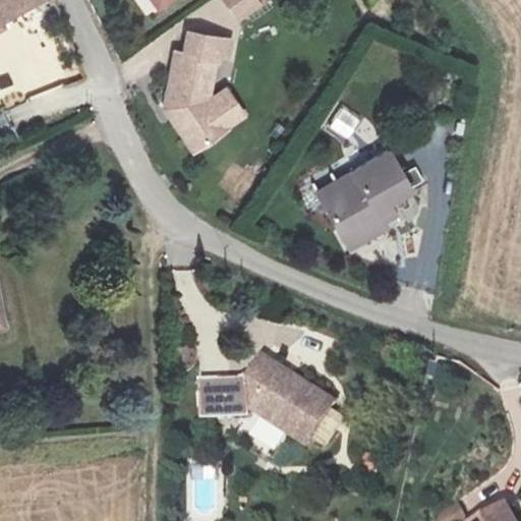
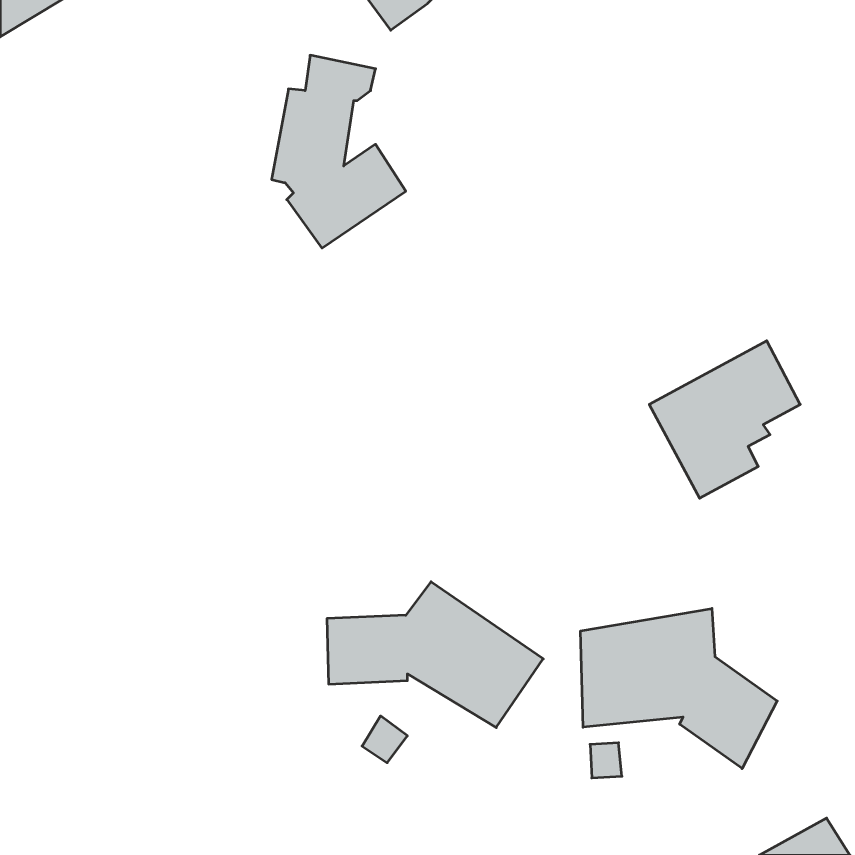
building: [320,152,411,247] -> [649,341,800,498]
building: none -> [581,608,777,769]

